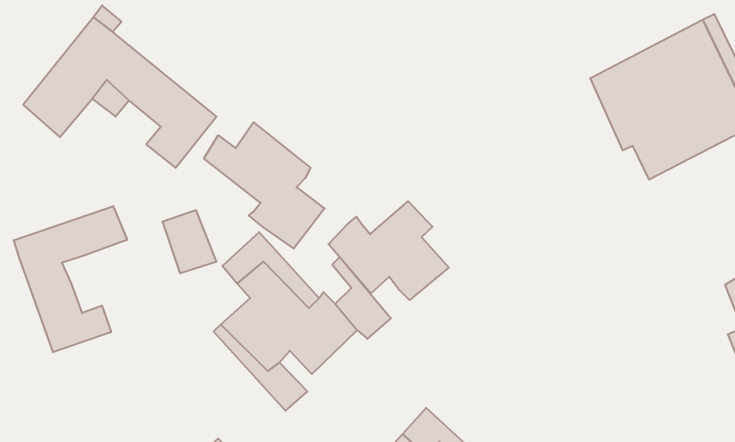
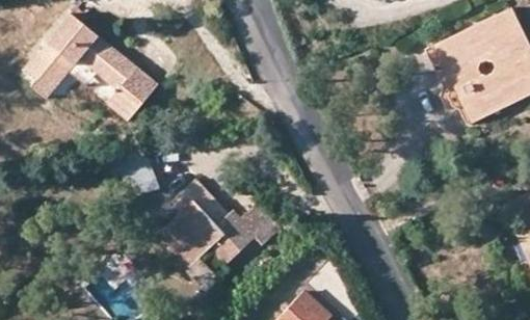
building: [204,122,325,249] -> none
building: [328,201,449,300] -> none
building: [14,206,127,352] -> none

